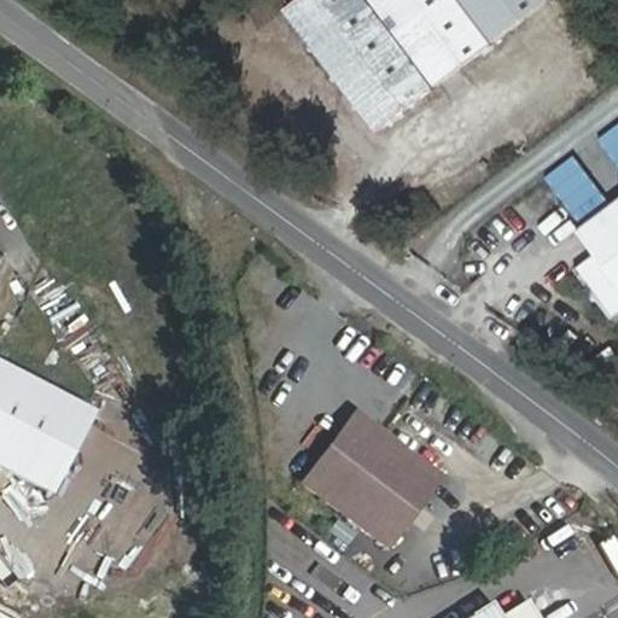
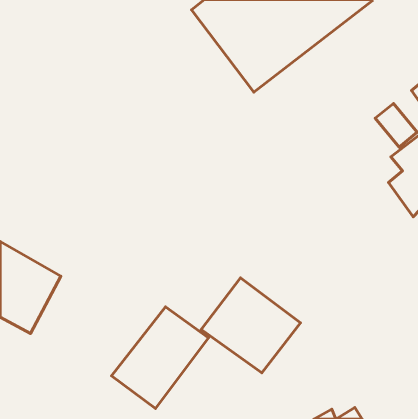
building: none -> [112,307,208,408]

